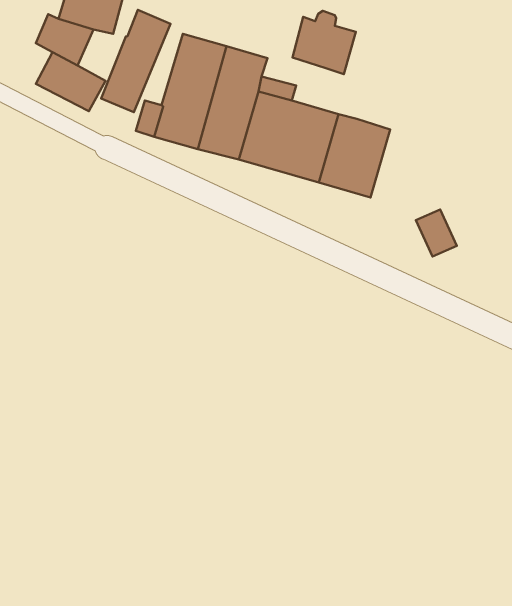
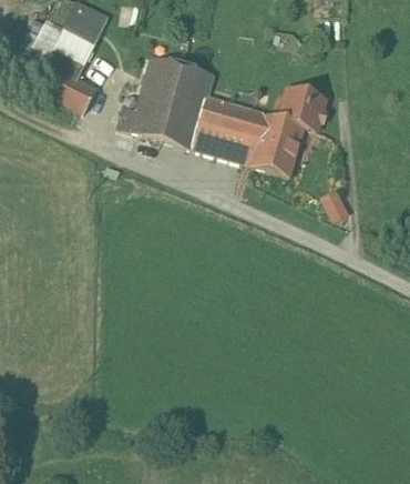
building: [101,10,171,112] -> none
building: [292,11,356,74] -> [279,82,326,129]

